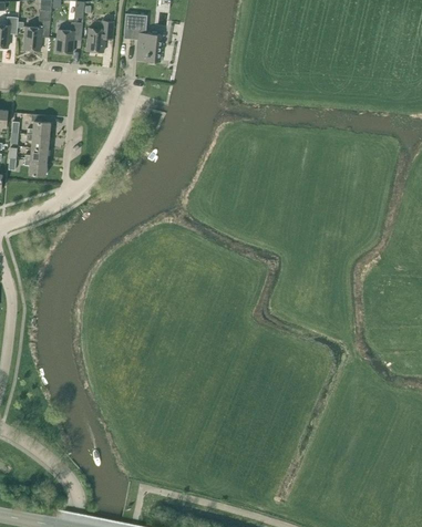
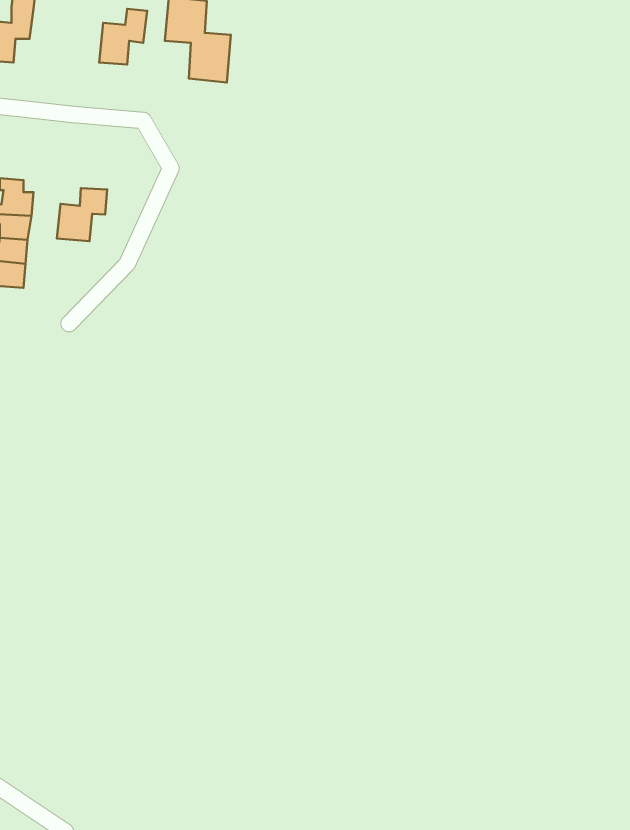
building: [55,22,82,53] -> none
building: none -> [57,188,107,241]

